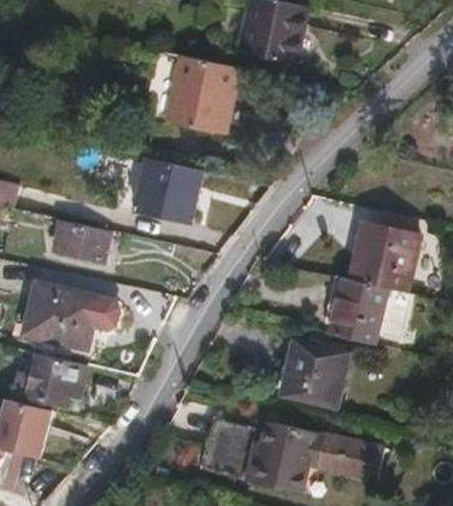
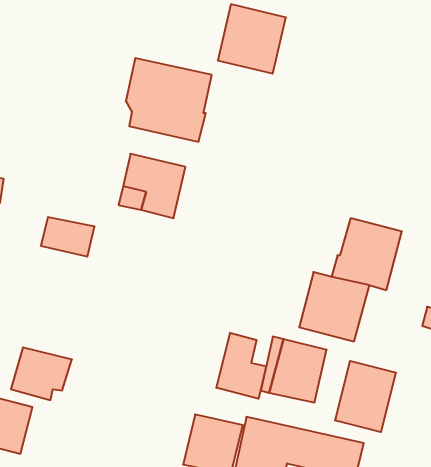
building: [25,280,119,346] -> none
building: none -> [216,333,266,399]
building: none -> [335,361,396,432]

